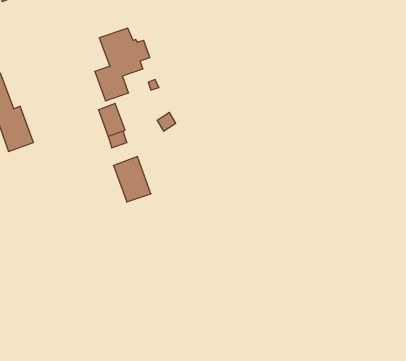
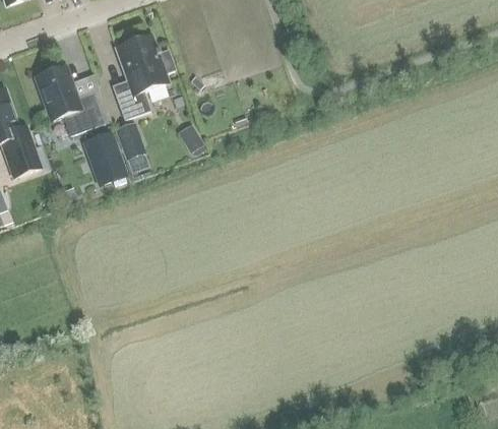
building: none -> [36,65,96,134]
building: [113,157,151,202] -> [84,132,127,184]

